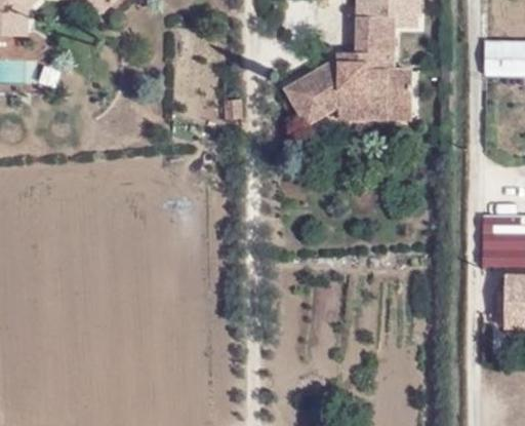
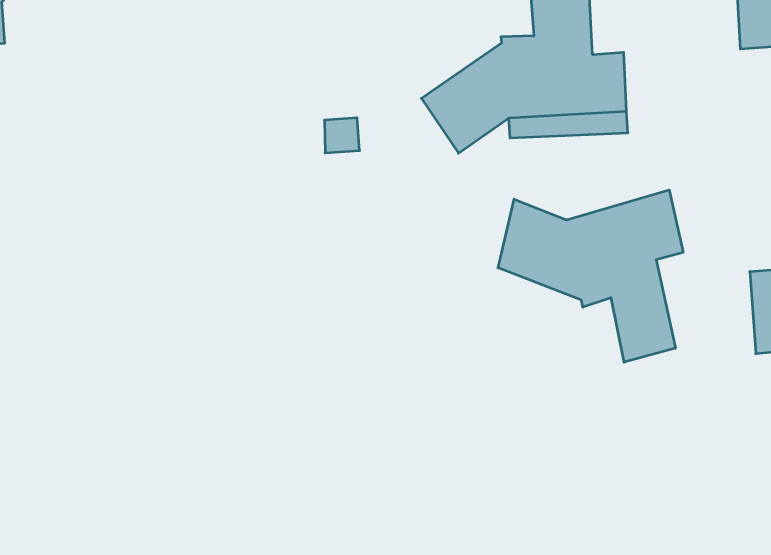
building: none -> [498,190,683,362]

